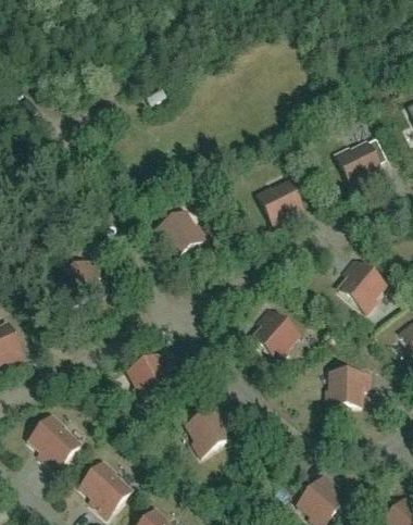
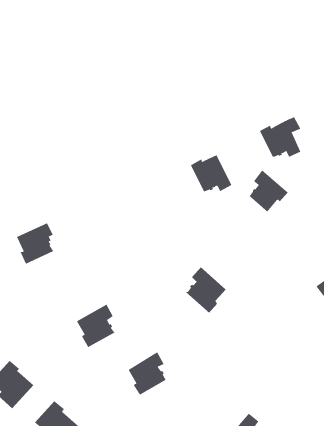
building: [151,211,204,255] -> none
building: [338,258,384,307] -> [248,170,288,213]
building: [325,372,368,404] -> none

